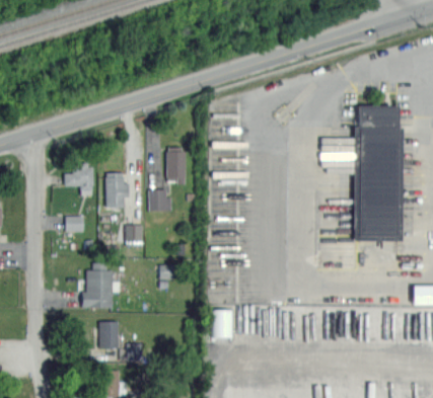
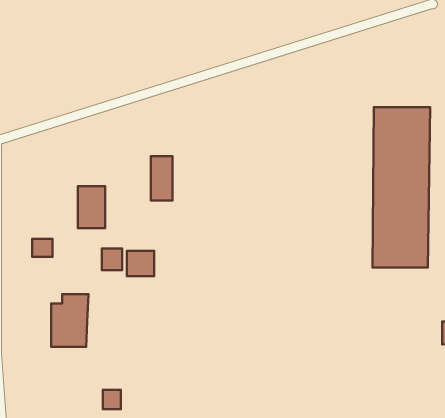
building: [65,164,94,194] -> none
building: [149,189,172,211] -> [127,251,154,276]
building: [98,322,118,349] -> none

